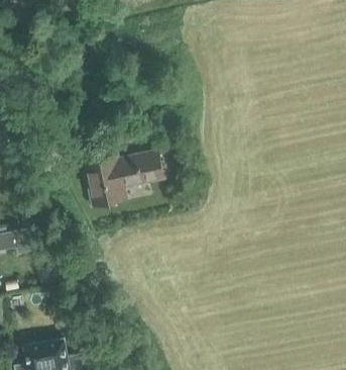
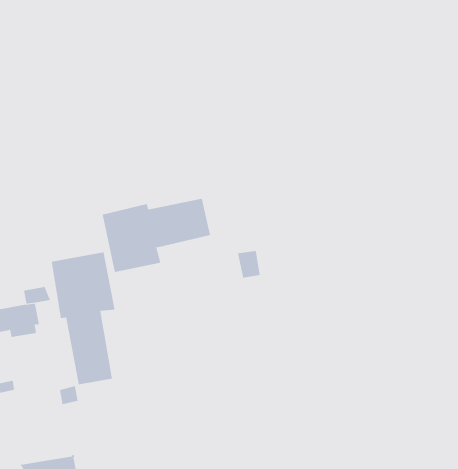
building: none -> [51,252,115,385]

